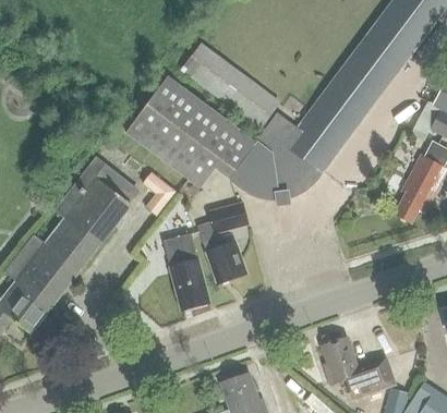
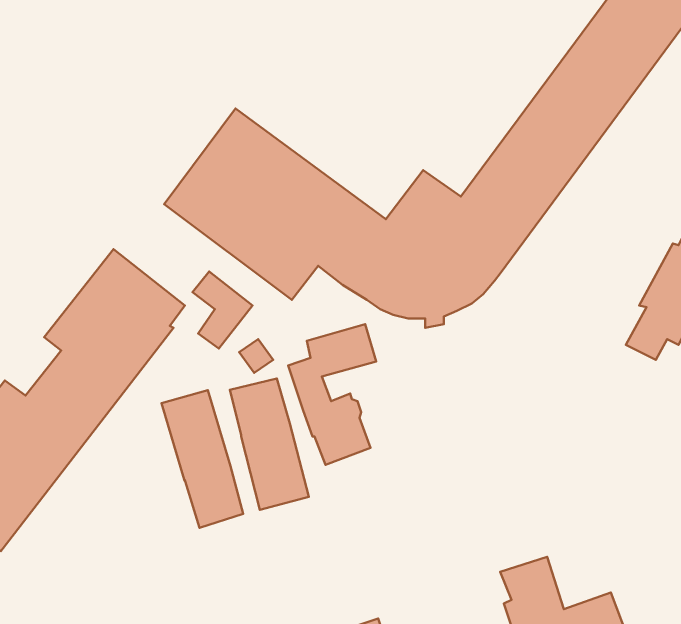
building: [182,45,279,126] -> none
building: none -> [161,390,243,528]

